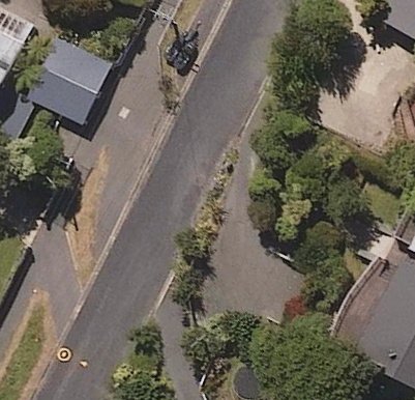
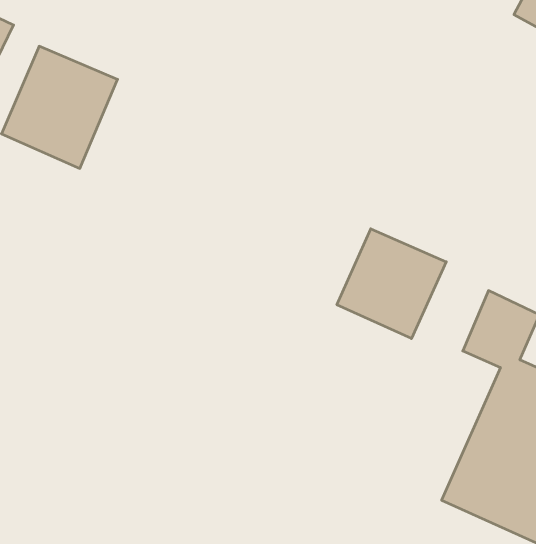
building: none -> [337,229,446,339]

